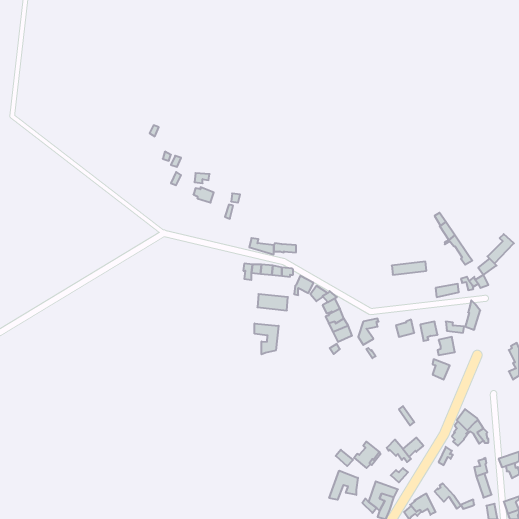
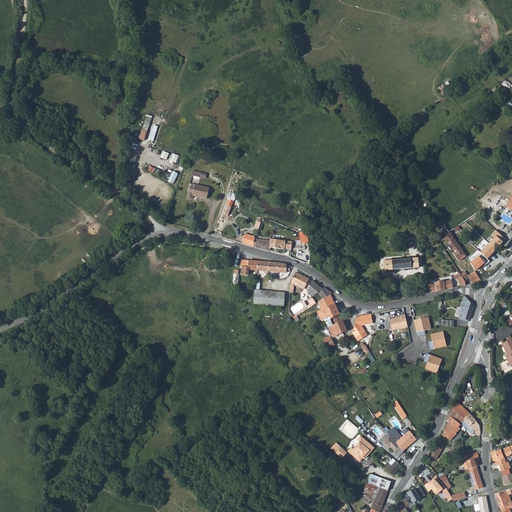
building: [255,323,279,354] -> none
building: [329,471,358,500] -> none

